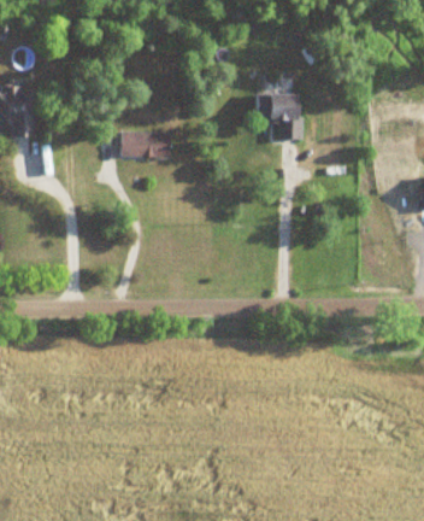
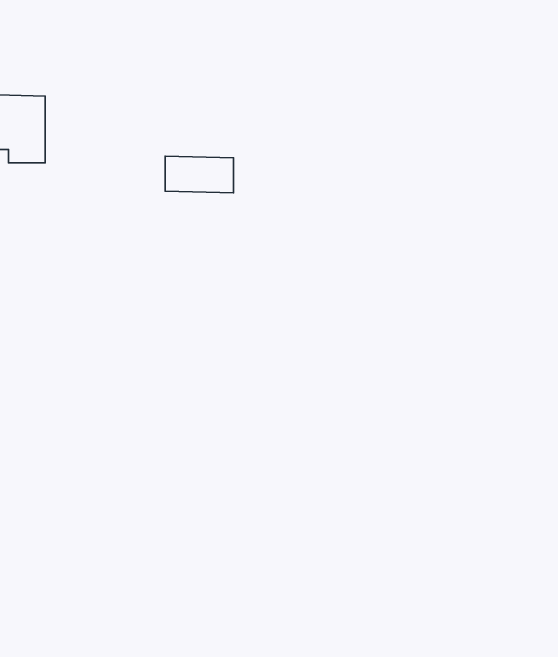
building: [254,93,300,139] -> none

